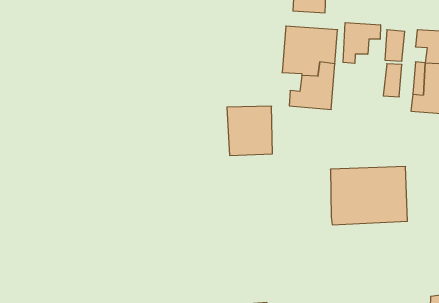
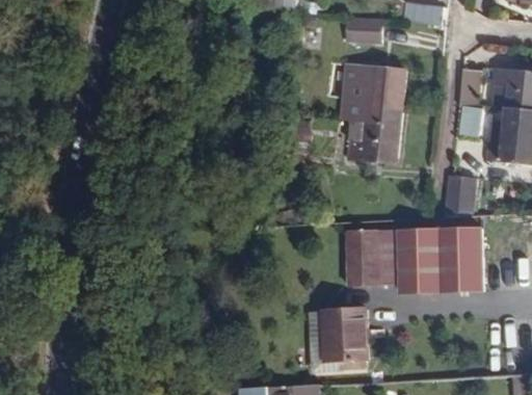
building: [343,23,380,63] -> none
building: [227,106,272,155] -> [344,229,397,286]
building: none -> [445,173,475,213]
building: none -> [311,309,370,373]

